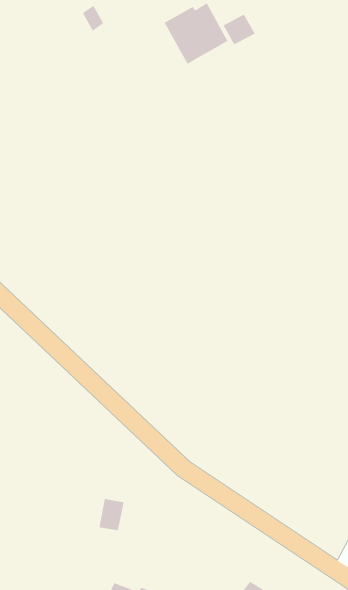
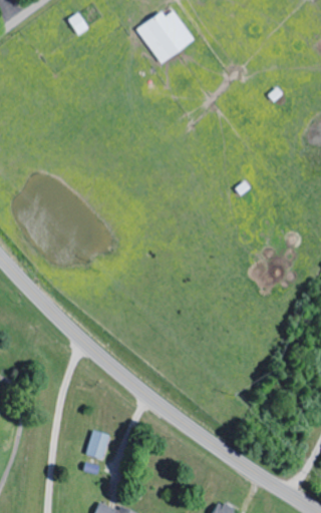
building: [223,13,256,46] -> none

